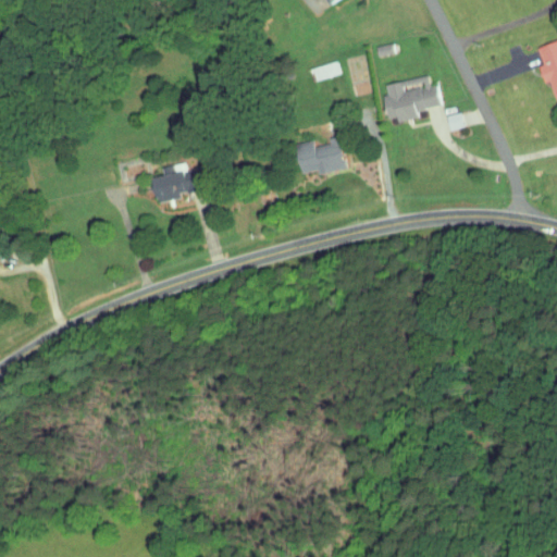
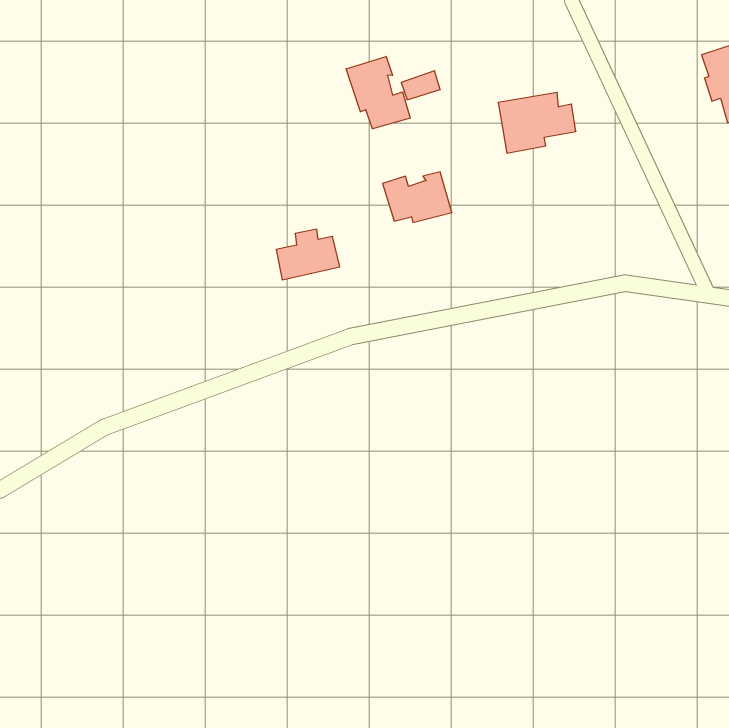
building: none -> [346,56,410,129]
building: [152,164,200,202] -> [276,229,340,280]

